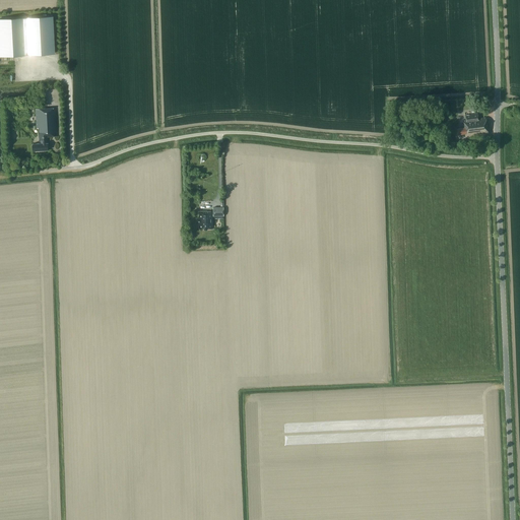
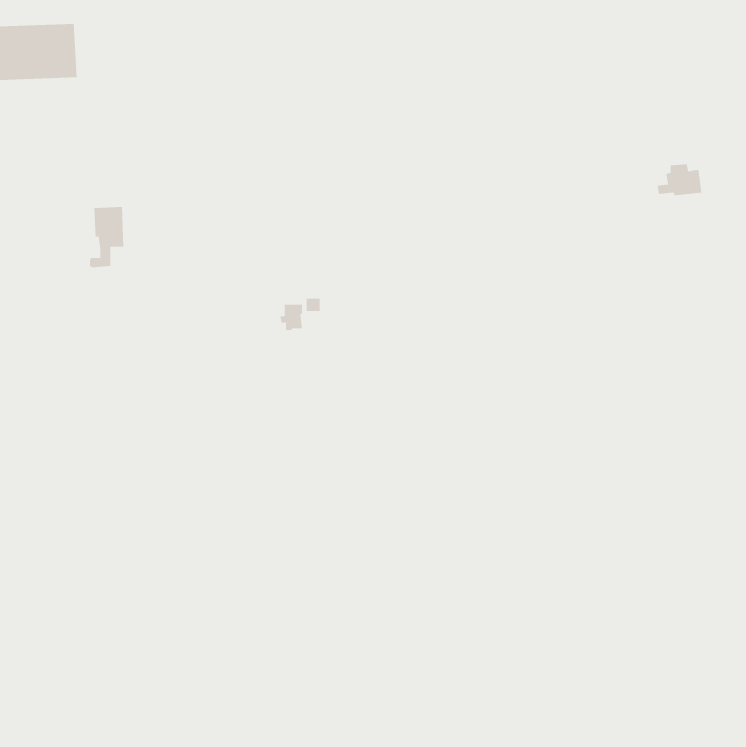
building: [30,108,55,150] -> [89,206,124,268]

